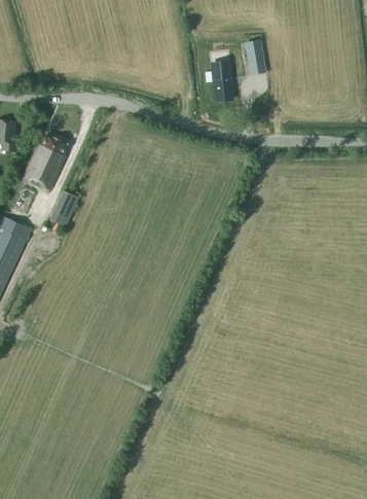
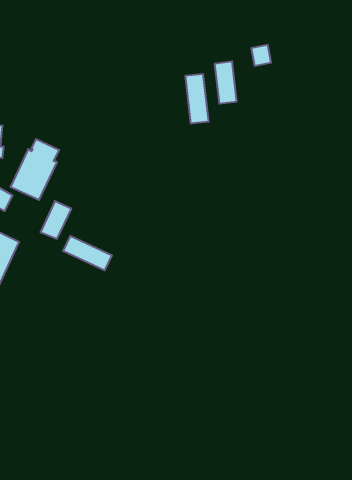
building: none -> [186,74,208,124]
building: none -> [63,236,112,270]

